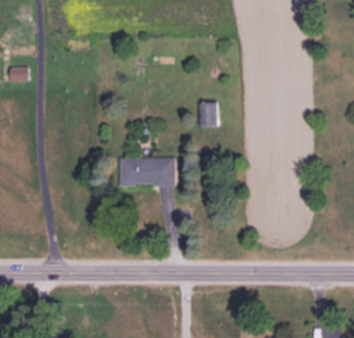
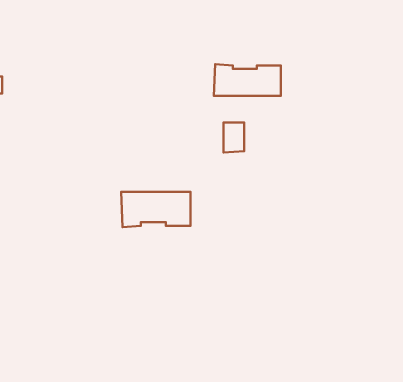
building: none -> [214,64,281,96]

